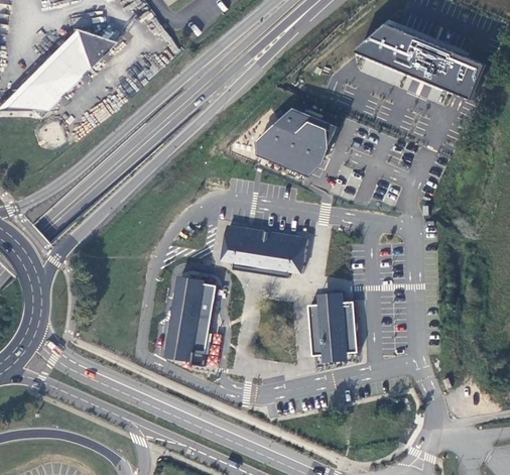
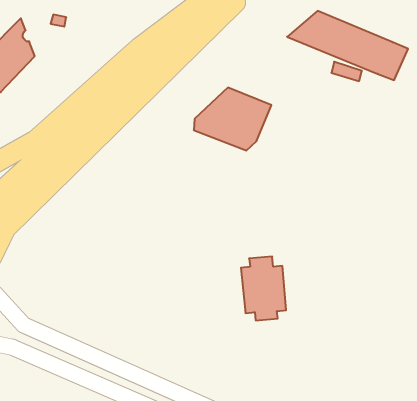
building: [68,30,108,73] -> none
building: [220,224,307,275] -> none
building: [164,275,216,364] -> none

